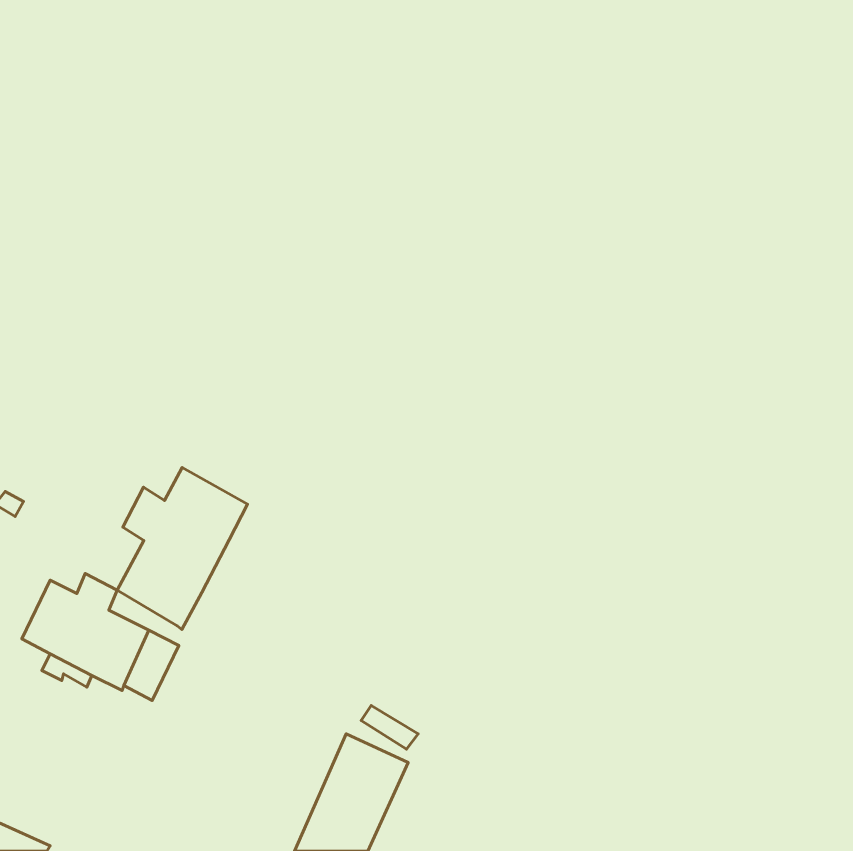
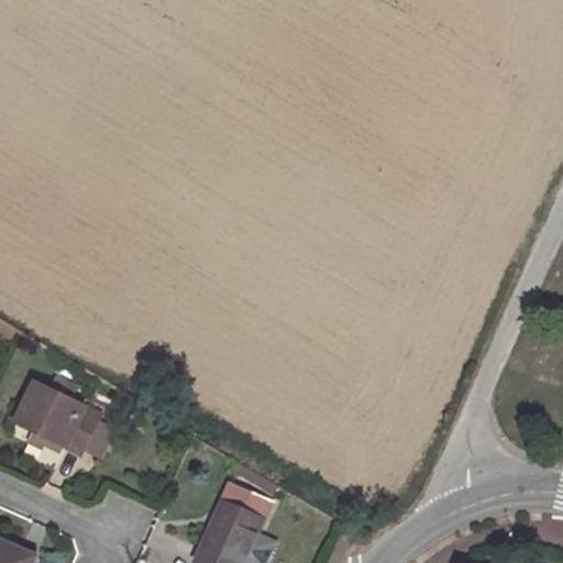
building: [117,468,248,630] -> none

